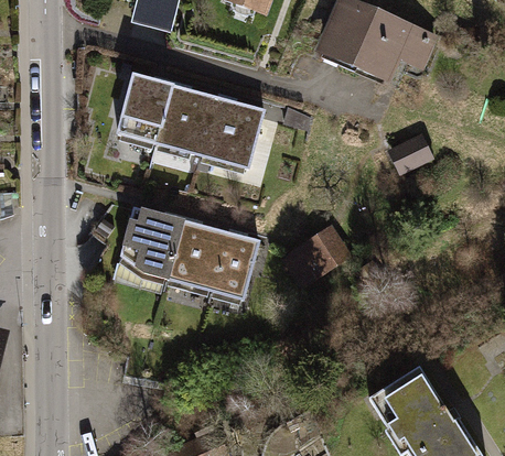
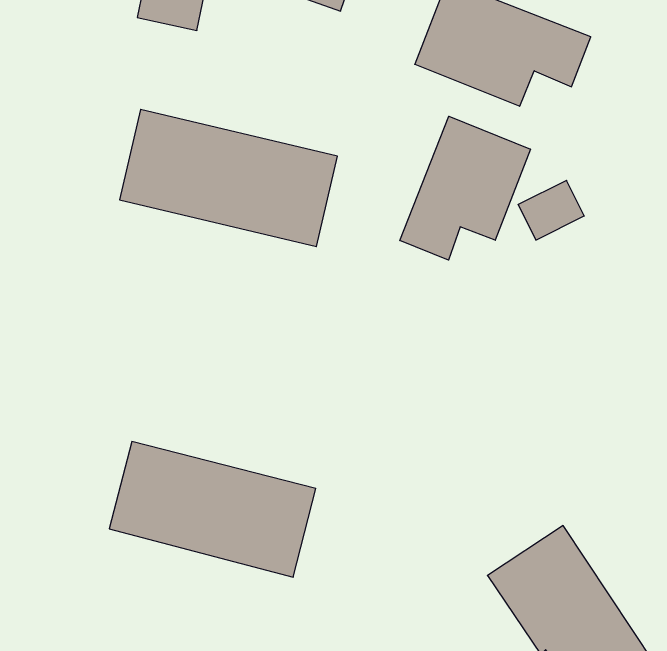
building: none -> [400,116,530,260]
building: [118,213,259,305] -> [109,442,316,577]
building: [282,221,352,284] -> none

